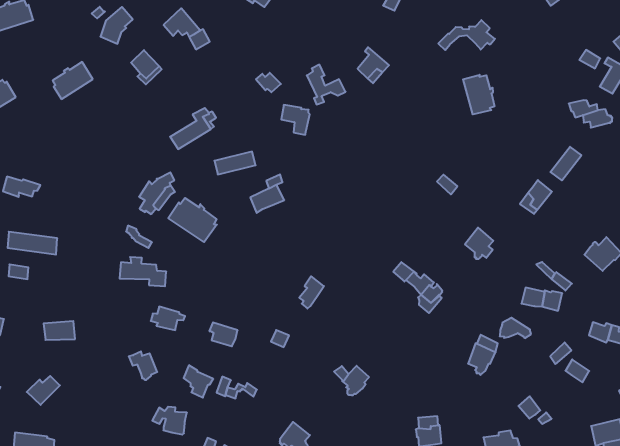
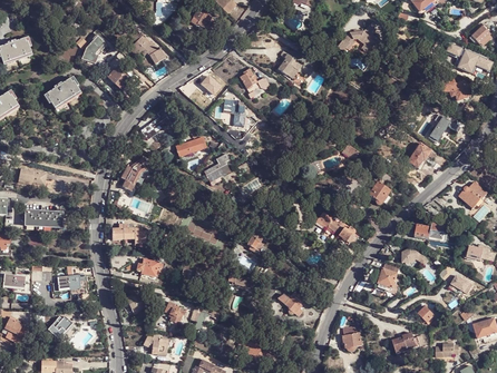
building: [463,75,494,114] -> none
building: [168,198,217,242] -> none

